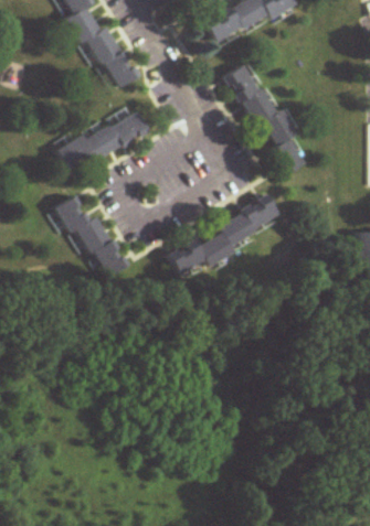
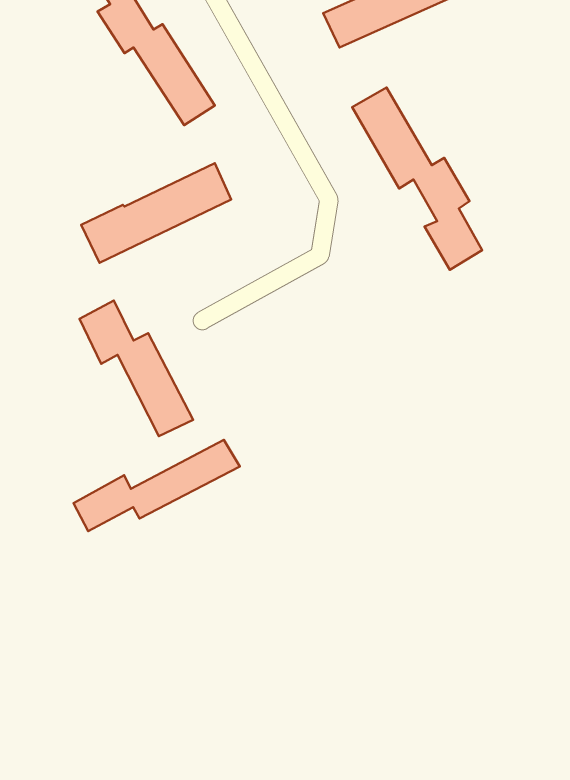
building: [168,198,279,272] -> none
building: none -> [74,440,240,531]

